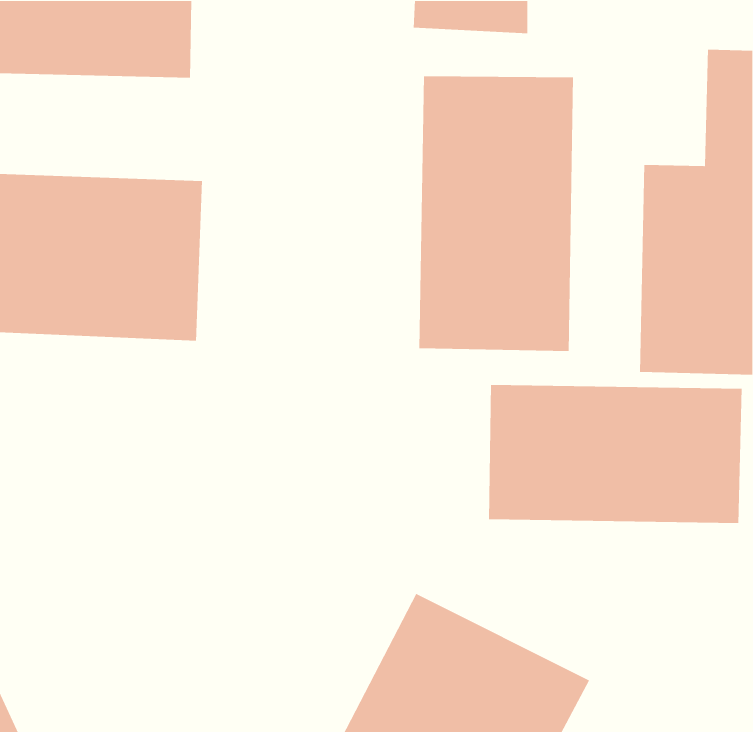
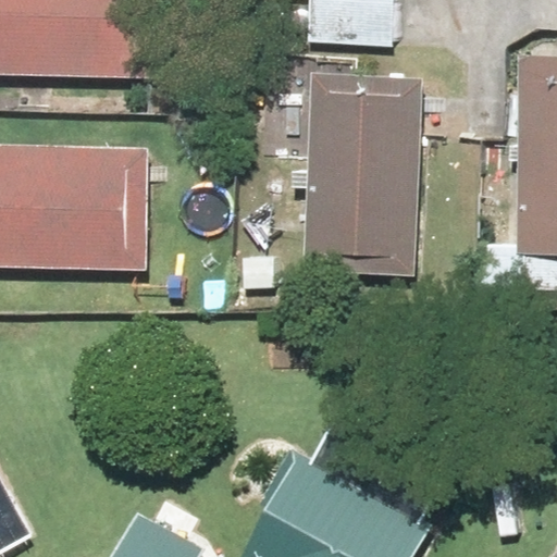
building: [488,384,742,524] -> none

